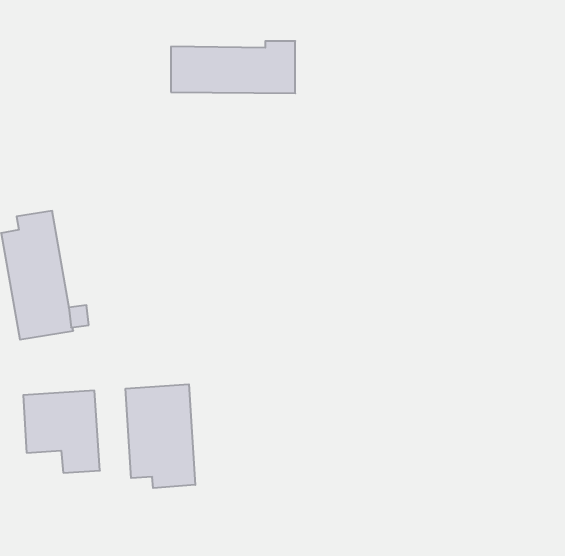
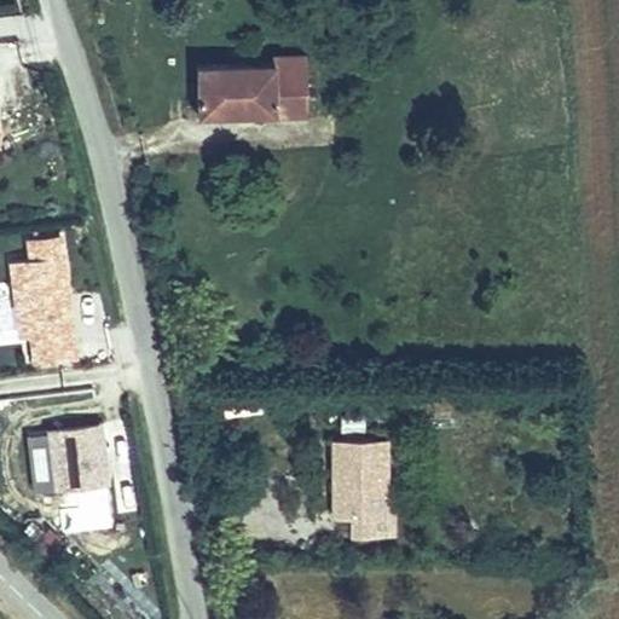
building: [126,384,195,488] -> none
building: none -> [337,444,397,537]

